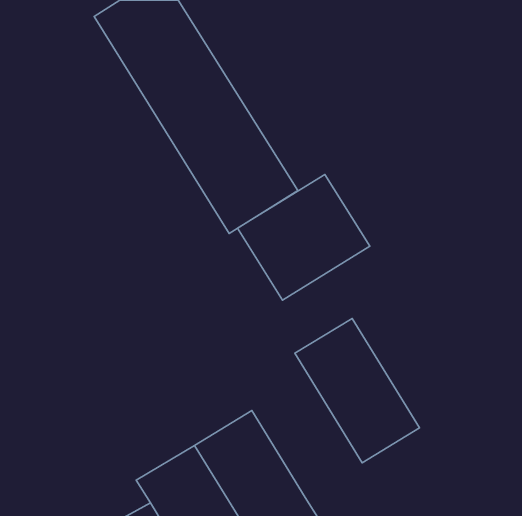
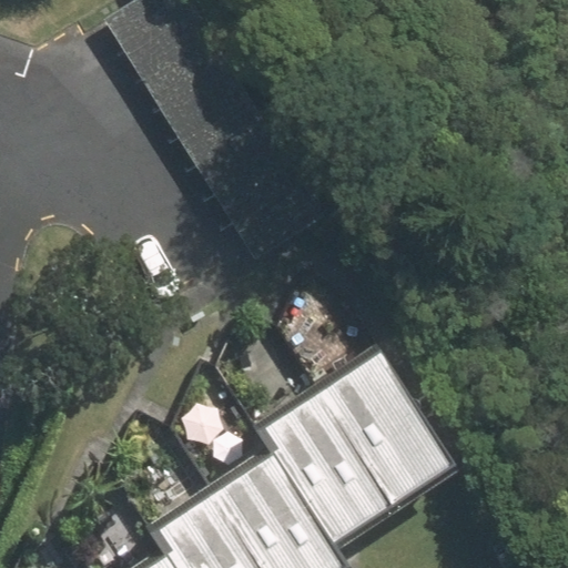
building: [238,174,370,300] -> none
building: none -> [258,390,394,547]

